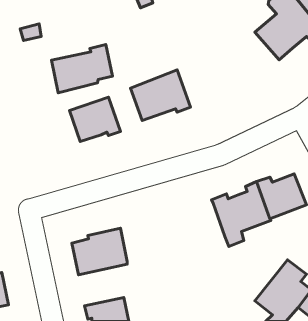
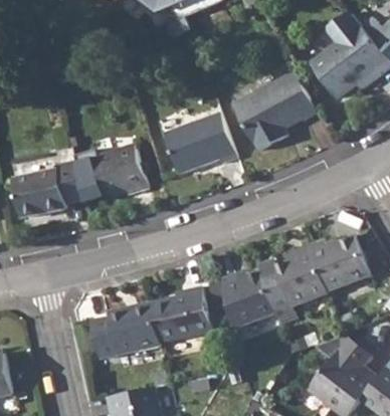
building: none -> [231,71,314,150]
building: [52,44,112,93] -> [7,162,80,220]
building: none -> [219,272,273,328]
building: none -> [148,287,205,343]

